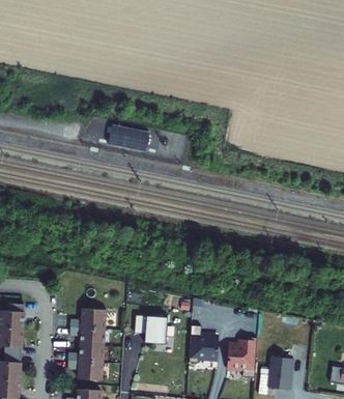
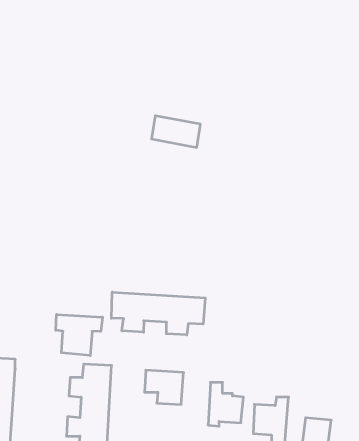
building: [109,124,150,151] -> [152,116,200,147]
building: none -> [111,292,205,335]
building: none -> [56,314,102,356]

